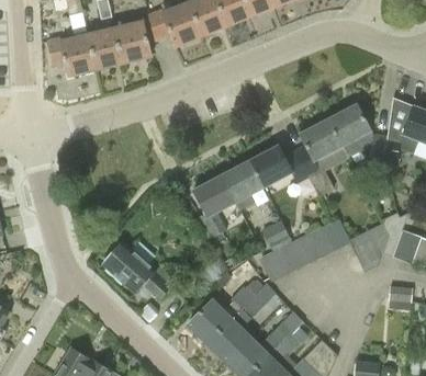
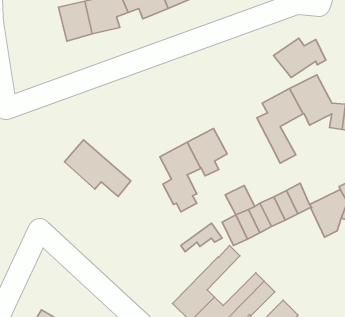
building: [45,34,96,76] -> none
building: none -> [274,38,326,78]
building: [248,145,307,186] -> none
building: [102,241,171,300] -> [64,140,131,197]
building: [187,285,253,342] -> none

